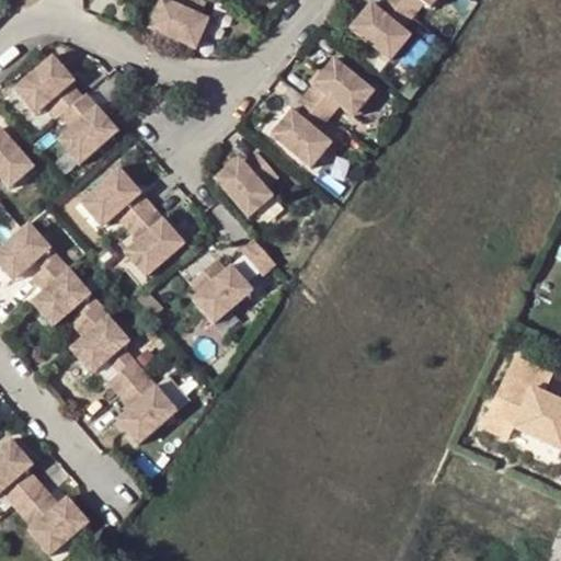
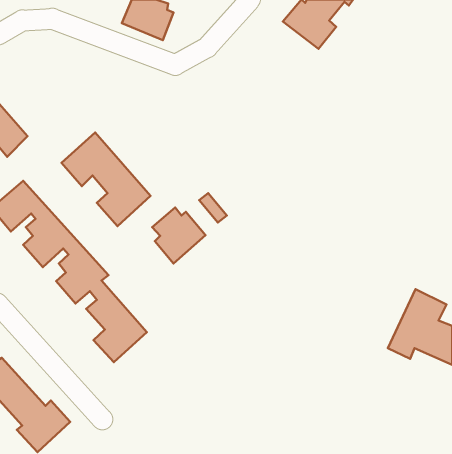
building: [14,49,123,163] -> none
building: [271,55,377,169] -> none
building: [214,150,280,220] -> none

